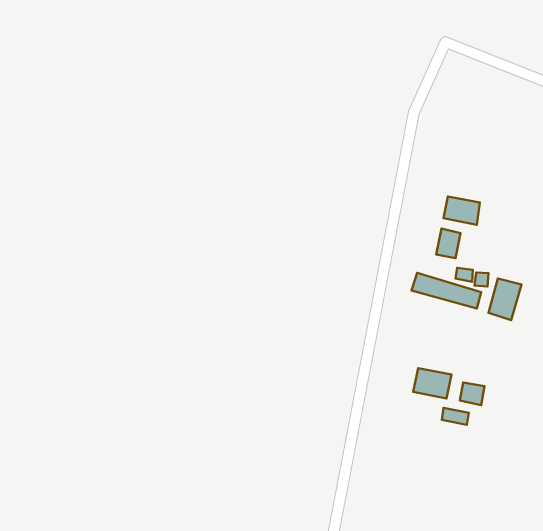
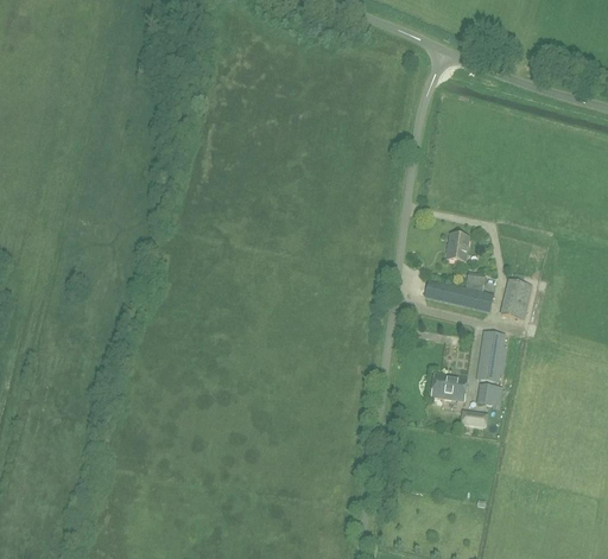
building: [443,197,480,225] -> none
building: none -> [476,331,505,381]

